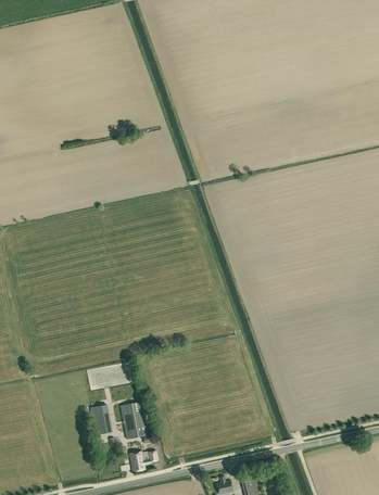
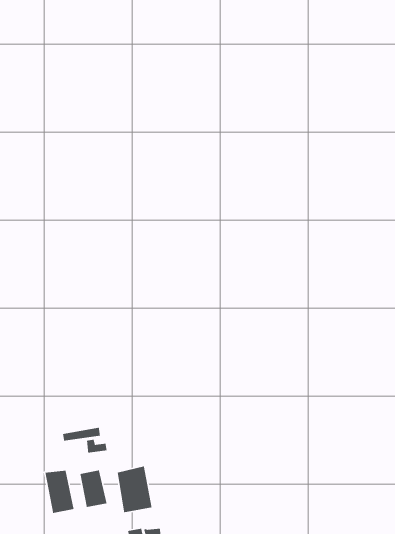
building: none -> [45,470,74,514]

